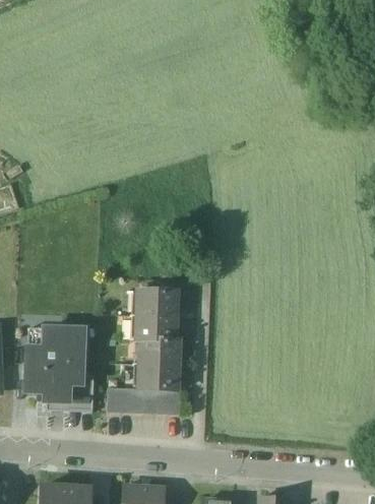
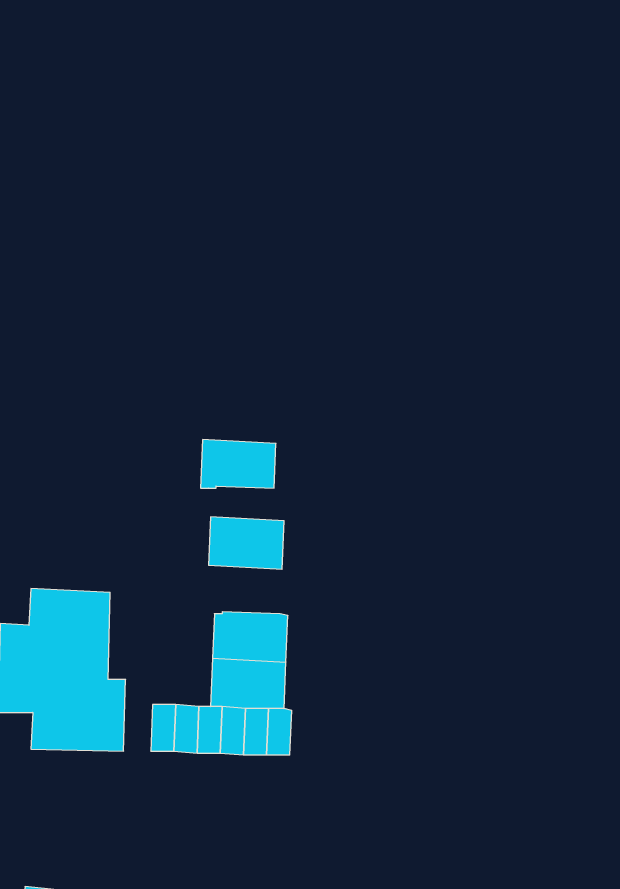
building: [135,314,175,339] -> [201,440,276,488]

